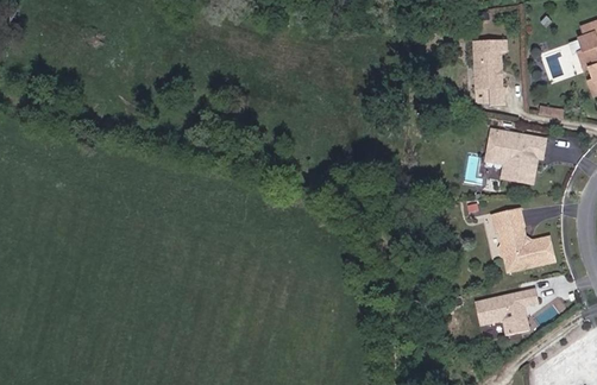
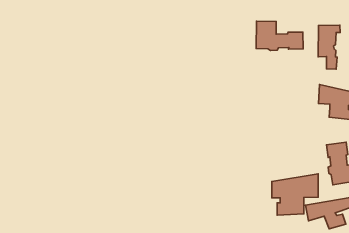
building: none -> [256,21,303,51]
building: none -> [272,174,318,215]

